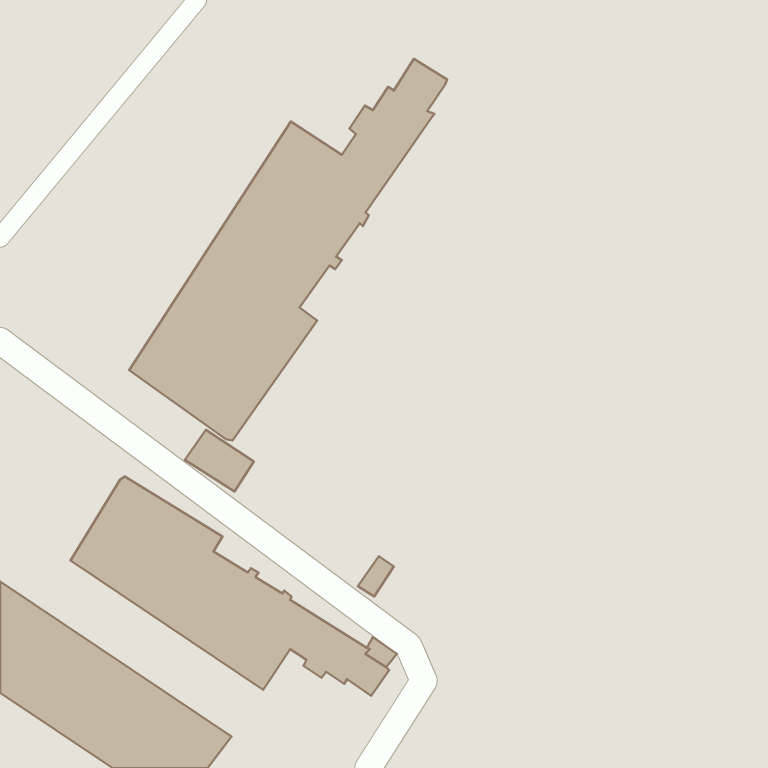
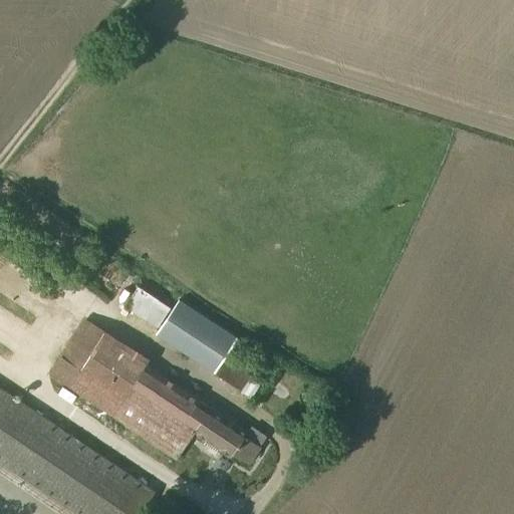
building: [129,59,447,440] -> none
building: none -> [156,300,237,373]

